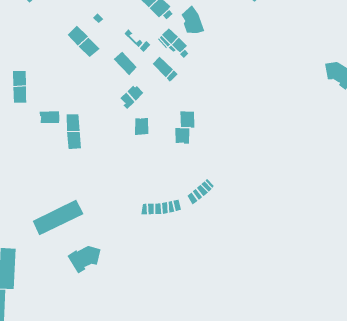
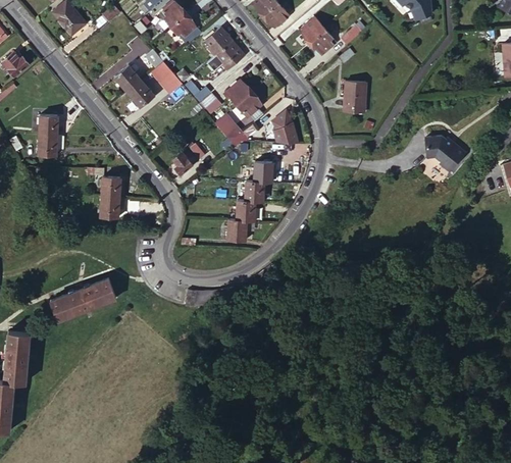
building: [181,4,205,34] -> [270,110,299,147]
building: none -> [343,85,363,115]
building: [113,51,138,76] -> [150,63,180,95]
building: none -> [251,162,270,184]
building: [39,110,60,124] -> none
building: [134,118,149,135] -> [225,220,245,242]
building: [67,245,101,275] -> none

